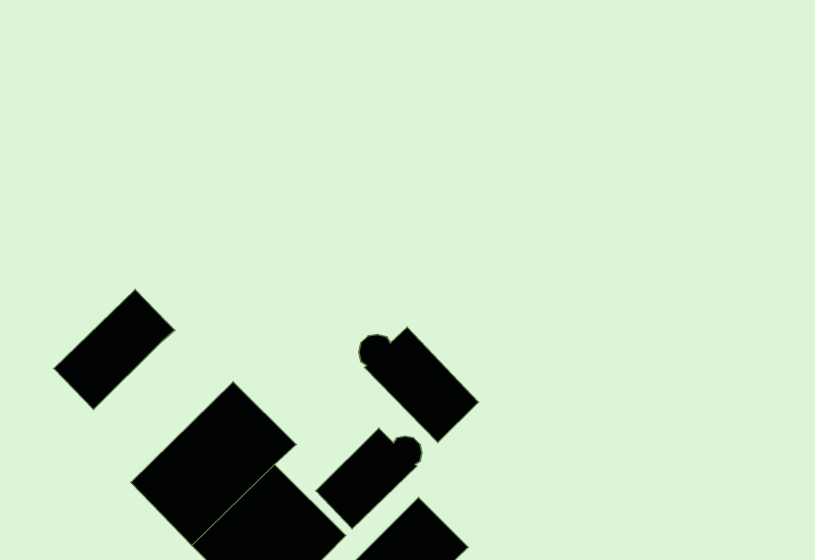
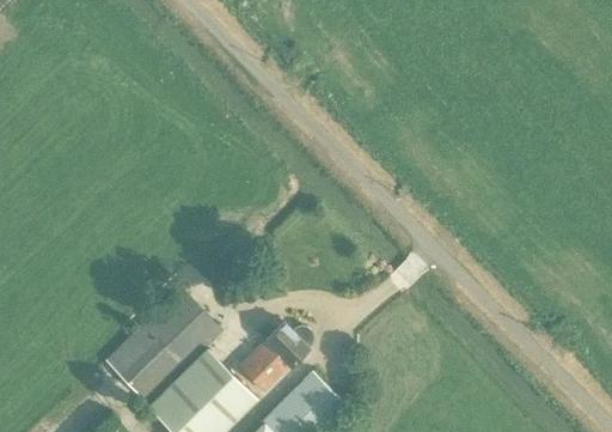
building: [54,289,175,409] -> none
building: [359,327,479,443] -> none

